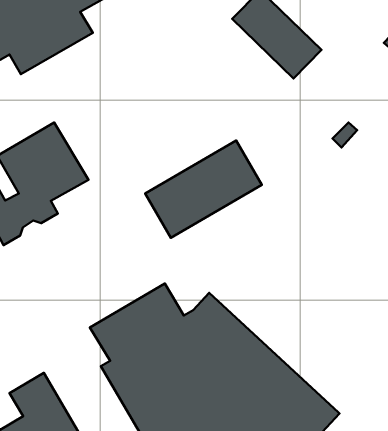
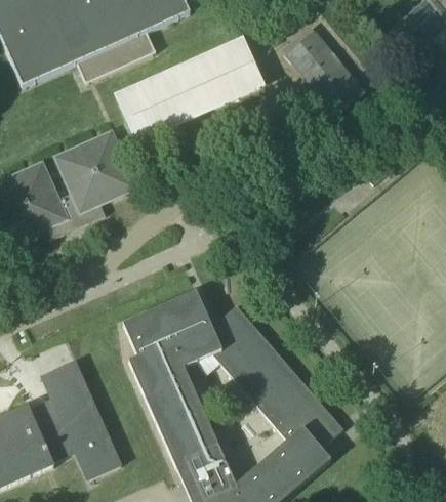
building: none -> [117,39,260,138]
building: [145,140,262,238] -> none

